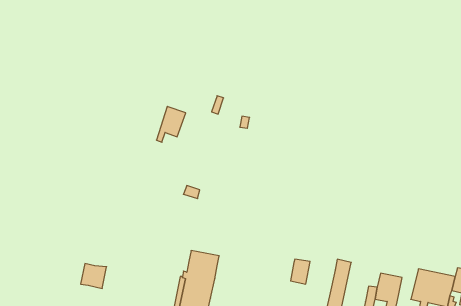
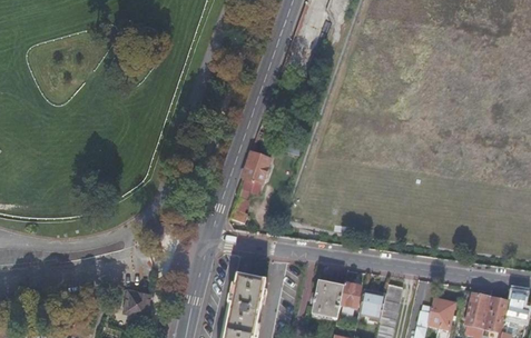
building: [156,106,186,142] -> [240,151,271,188]
building: none -> [312,282,343,319]
building: none -> [358,290,385,321]

